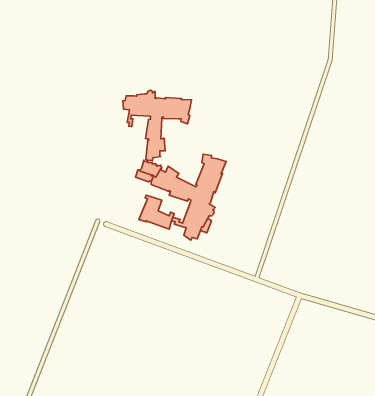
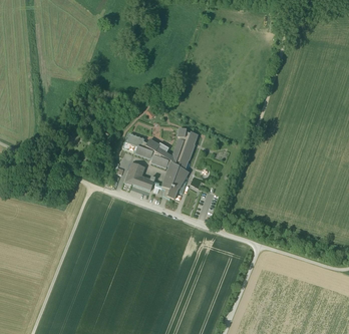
building: [123,90,191,160] -> none

